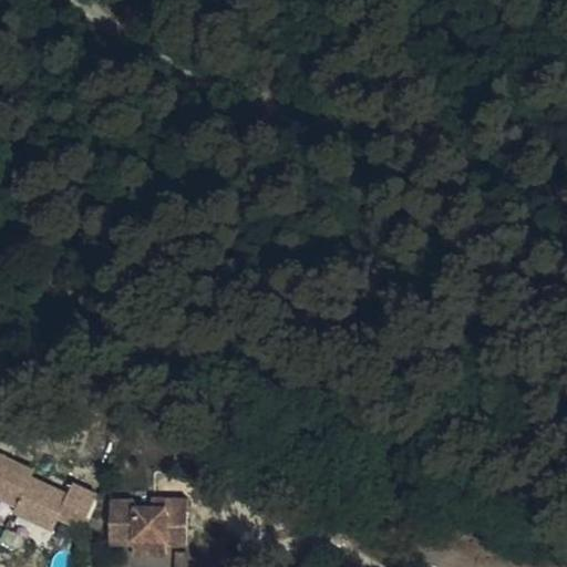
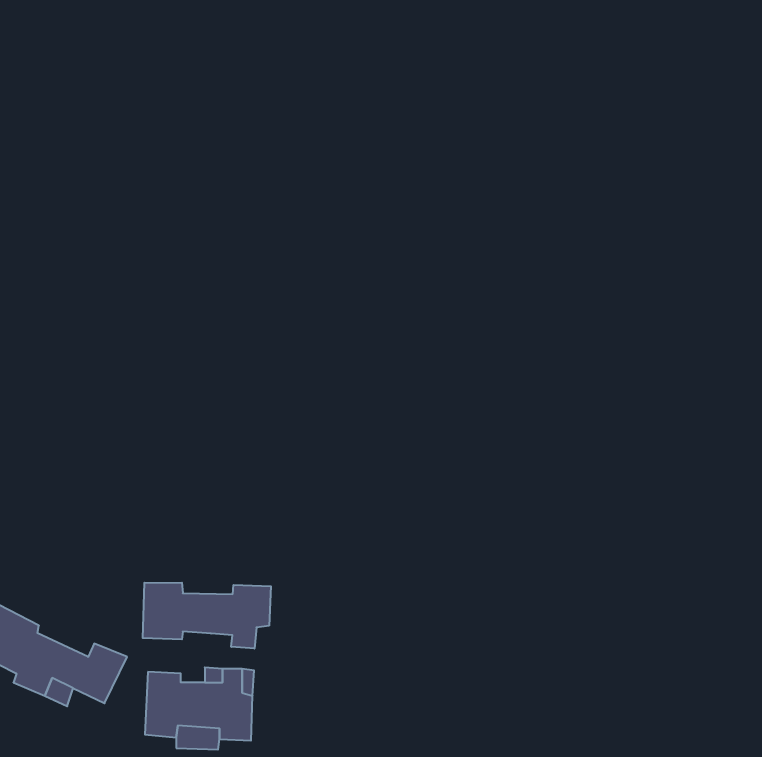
building: none -> [143,583,271,649]

